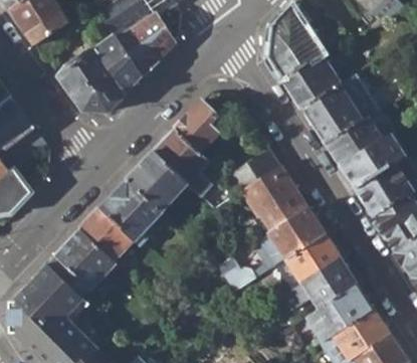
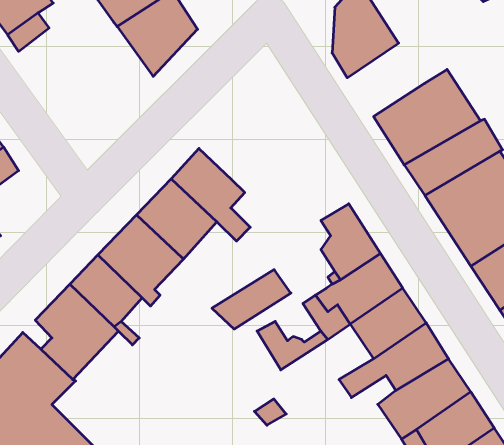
building: [58,37,142,112] -> none
building: [282,53,339,107] -> none
building: [175,102,217,153] -> none
building: [223,148,280,191] -> [212,270,291,329]

